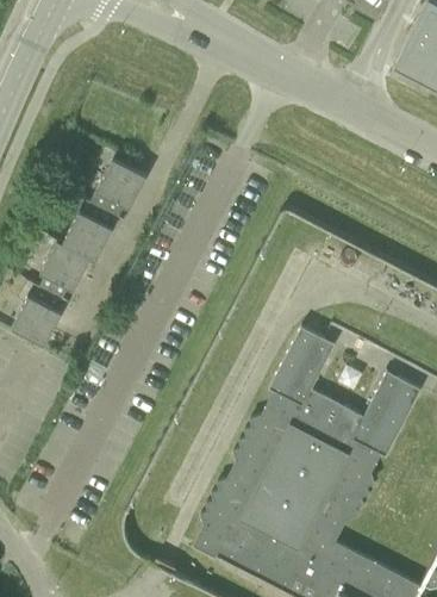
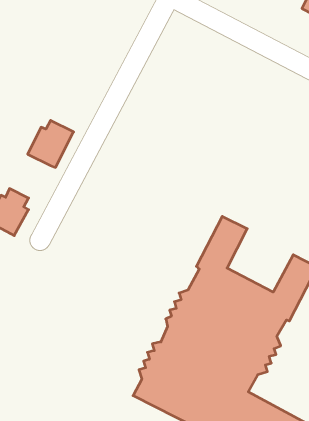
building: [89,160,146,218] -> none
building: [38,242,89,300] -> none

